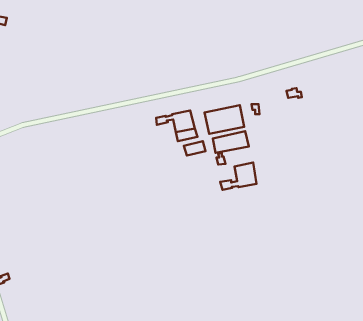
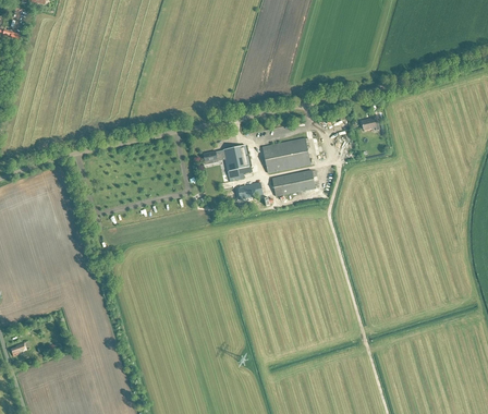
building: [220,163,256,190] -> none

